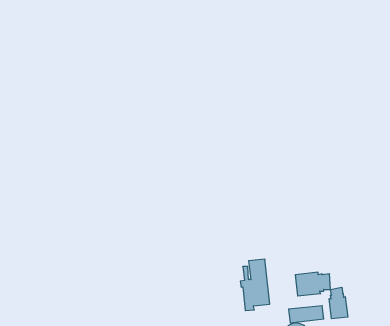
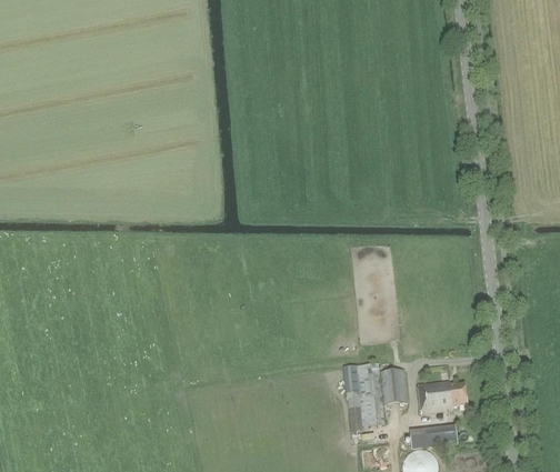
building: none -> [379,368,407,404]
building: [329,287,348,319] -> none

